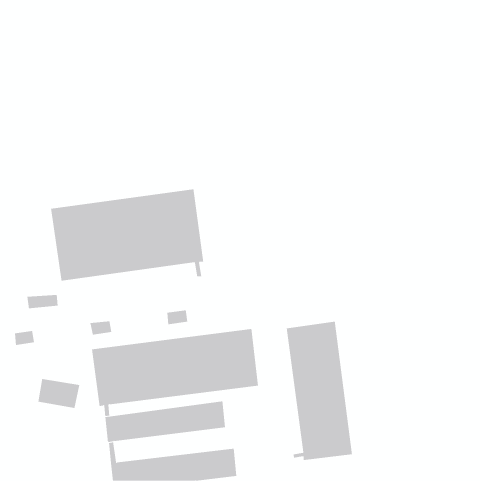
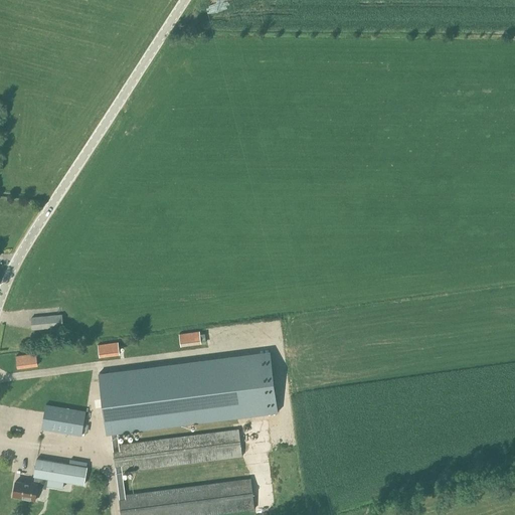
building: [51,189,204,282] -> none
building: [286,321,352,461] -> none
building: none -> [12,458,87,501]

